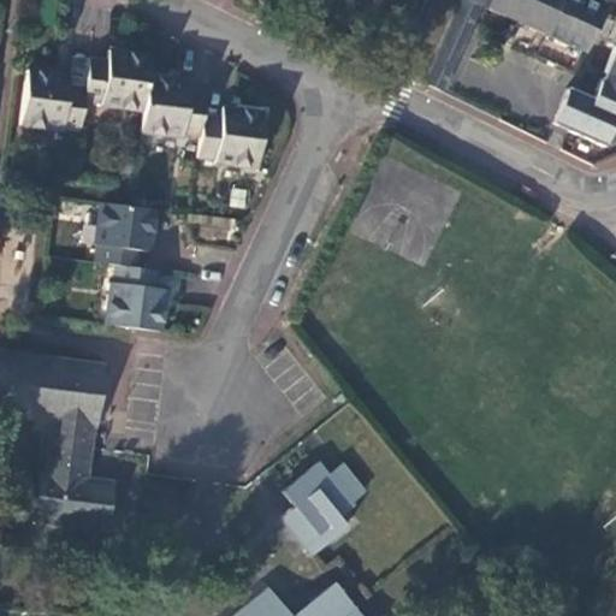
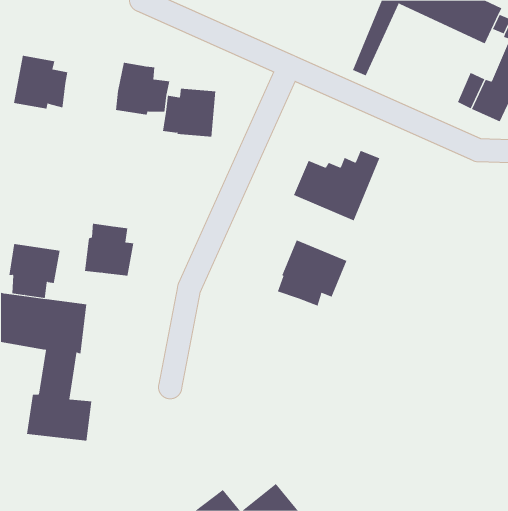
building: [83,49,154,109] -> none
building: [95,206,158,272] -> [8,243,60,298]
building: none -> [277,240,347,306]
building: [279,455,369,551] -> none

